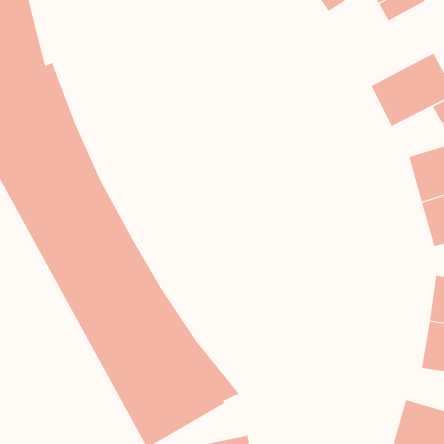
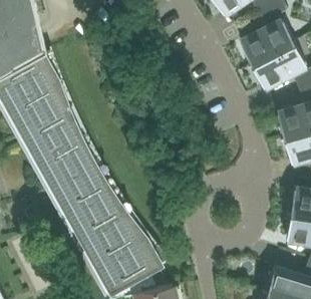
building: none -> [239,17,293,64]

